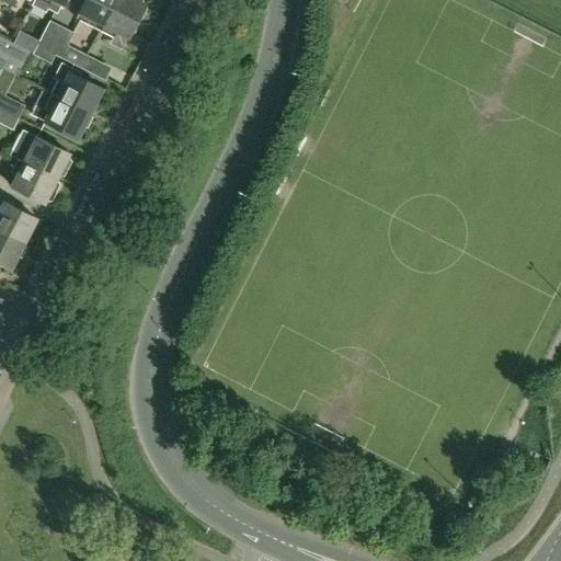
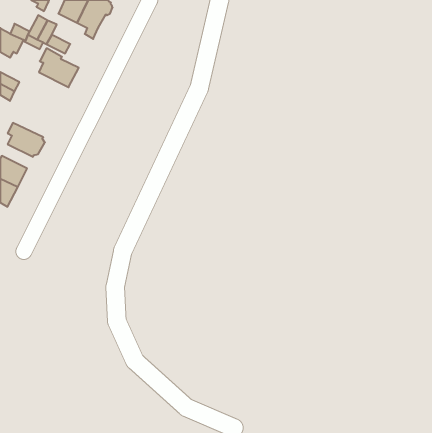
building: [35,93,90,138] -> none
building: [10,130,71,178] -> none

